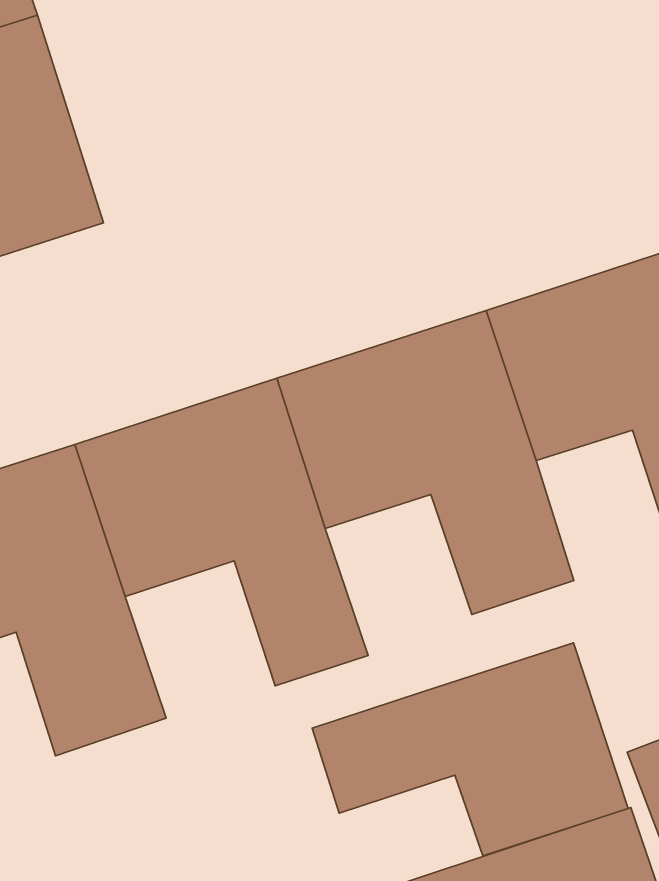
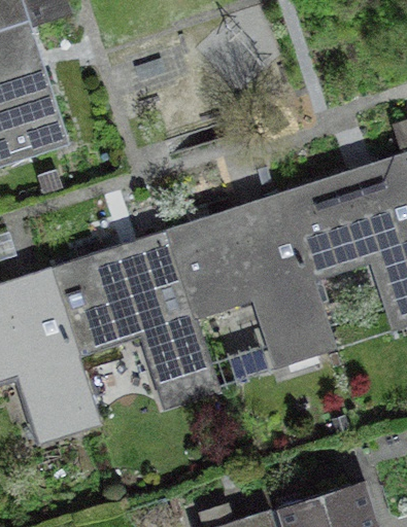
building: [312,643,628,856] -> none

